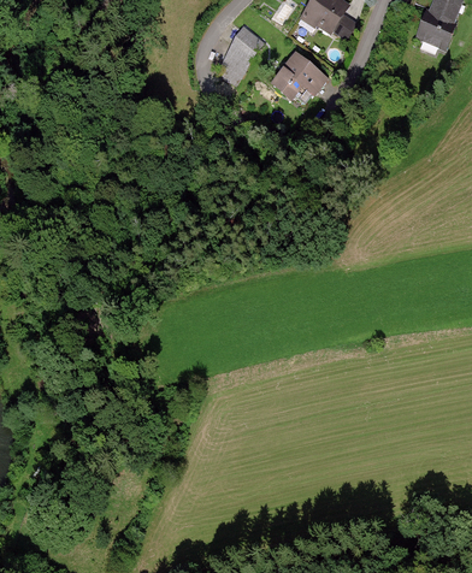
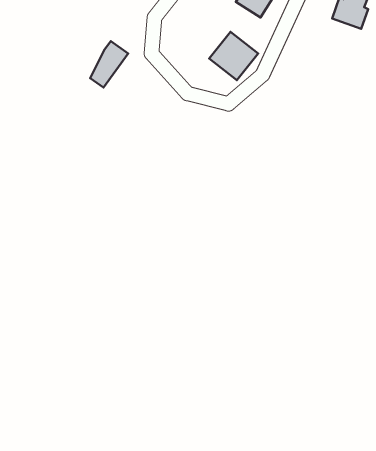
building: [217,26,261,81] -> [90,41,128,87]

